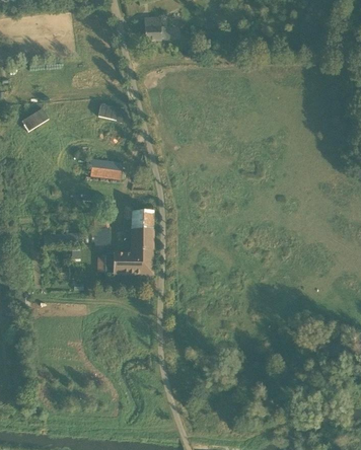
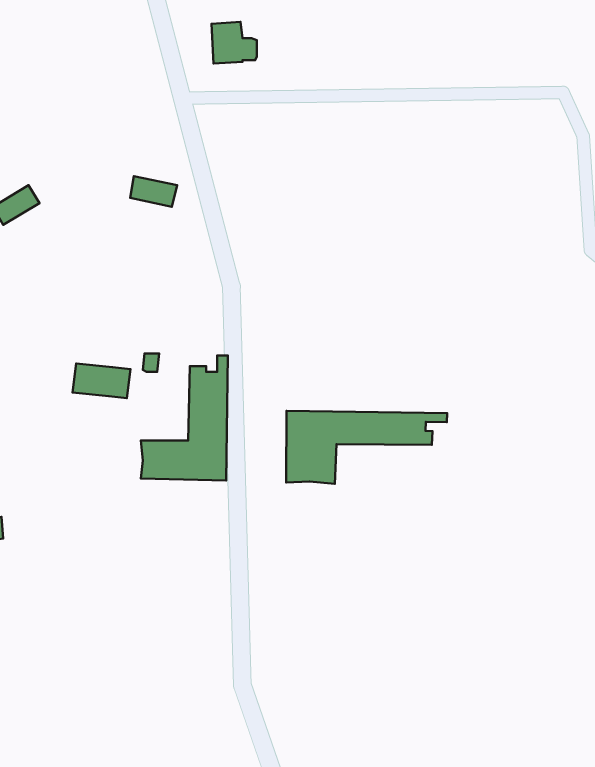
building: [89,159,122,178] -> [73,364,131,398]
building: none -> [286,411,447,484]

